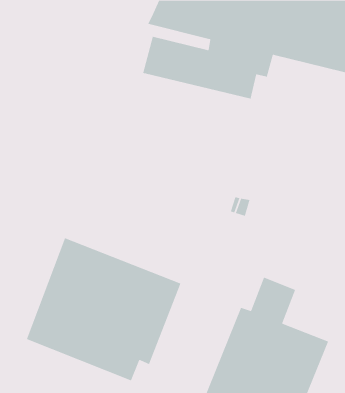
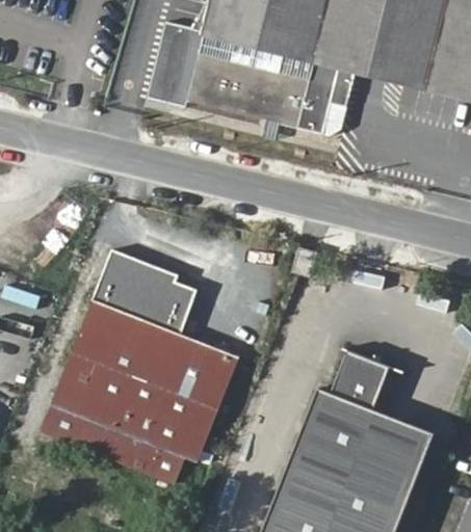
building: none -> [156,14,277,101]
building: none -> [93,254,197,336]

